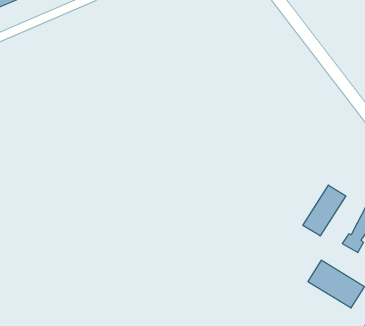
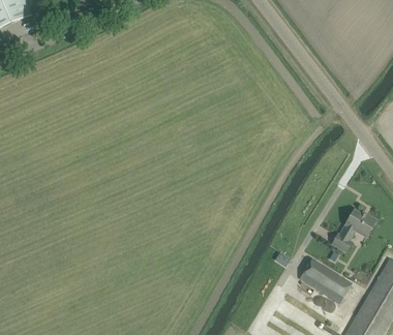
building: [303,185,346,236] -> none

